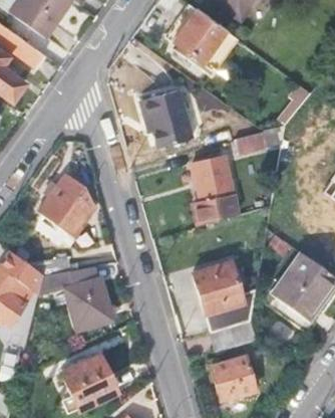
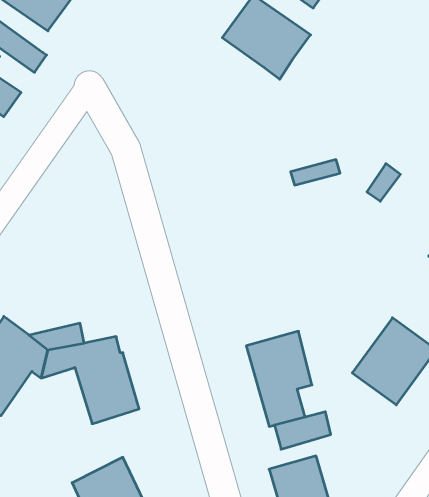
building: [143,91,190,150] -> none
building: [195,153,243,226] -> none
building: [35,179,90,243] -> none

